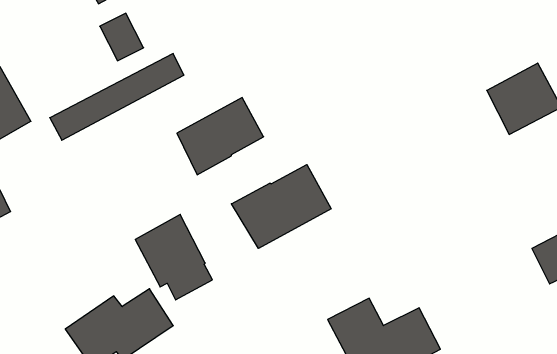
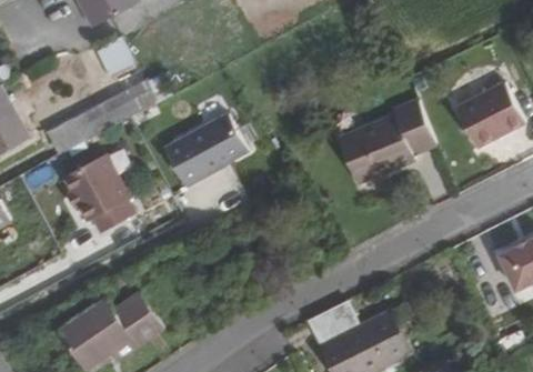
building: none -> [339,100,434,182]
building: [231,165,331,248] -> none
building: [135,214,212,300] -> [63,153,135,233]

